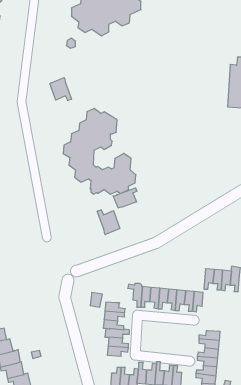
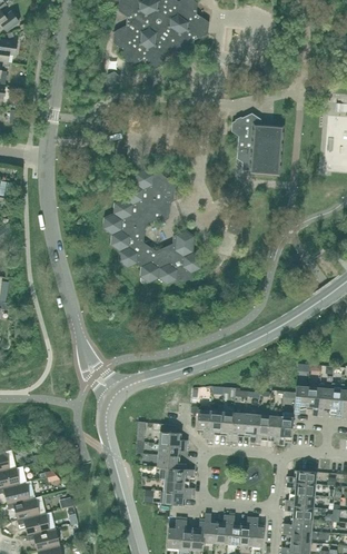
building: none -> [231,113,284,176]
building: [50,78,71,101] -> none
building: [113,188,137,208] -> none
building: [97,210,120,235] -> none

